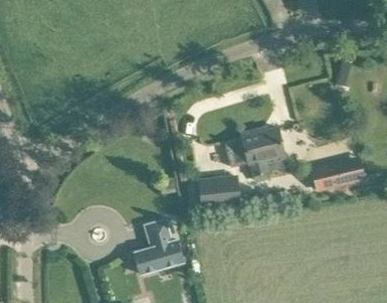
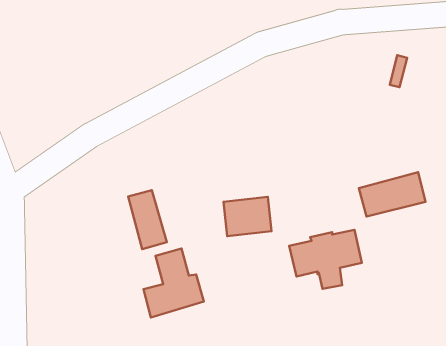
building: [224,128,283,176] -> [289,230,362,289]
building: none -> [128,190,167,249]

